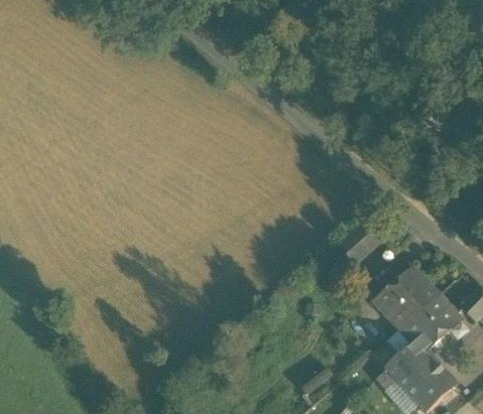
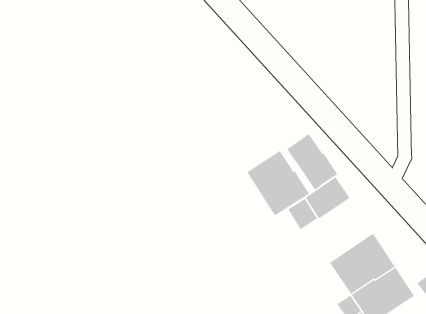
building: none -> [287,133,338,191]
building: none -> [246,150,310,217]

